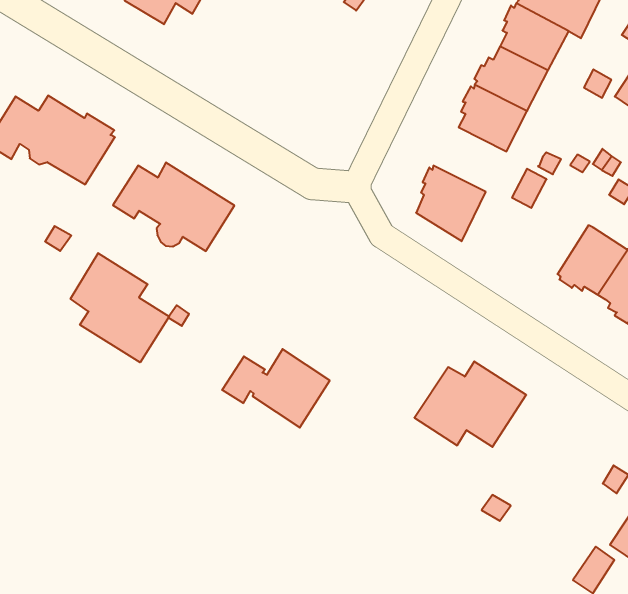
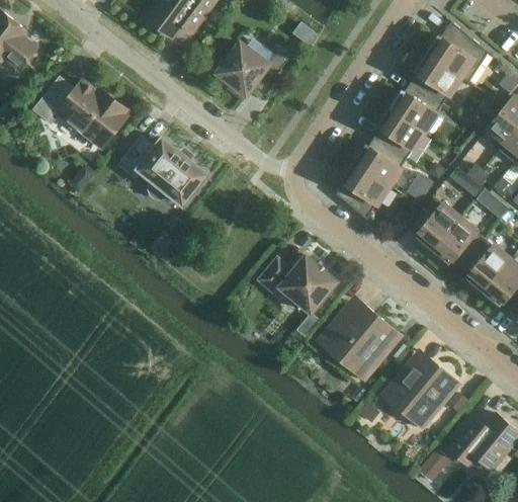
building: none -> [219,44,288,90]
building: none -> [353,137,407,185]
building: none -> [409,195,459,250]
building: [71,253,169,362] -> none
building: [222,349,330,428] -> [259,255,337,313]
building: none -> [383,362,459,421]

